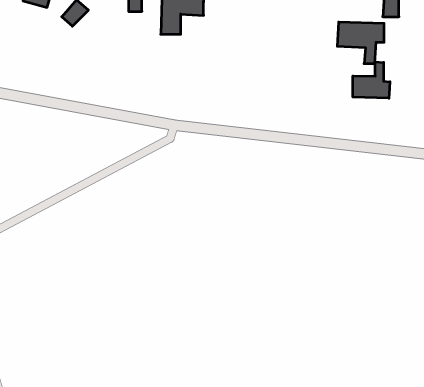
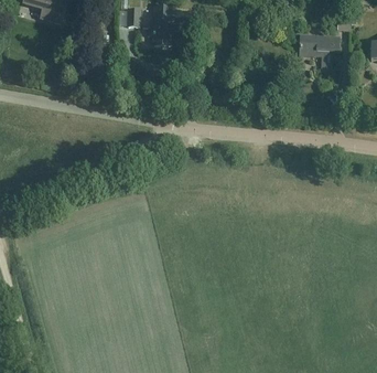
building: [353,62,390,98] -> none

